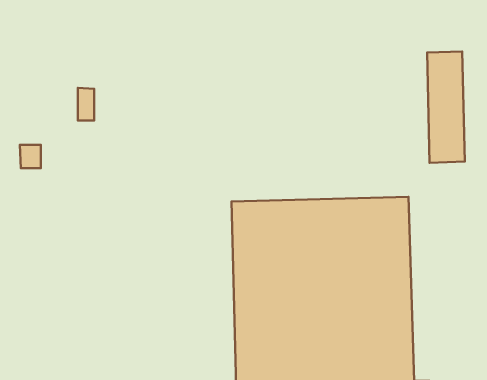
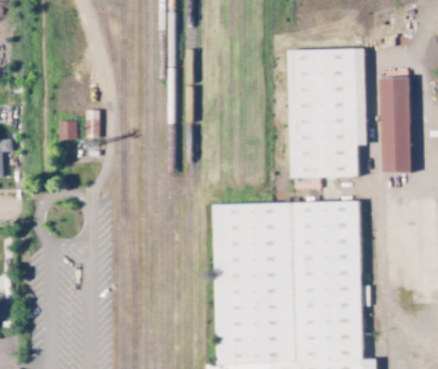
building: none -> [285,48,364,178]
building: [20,145,41,168] -> [56,119,74,139]

